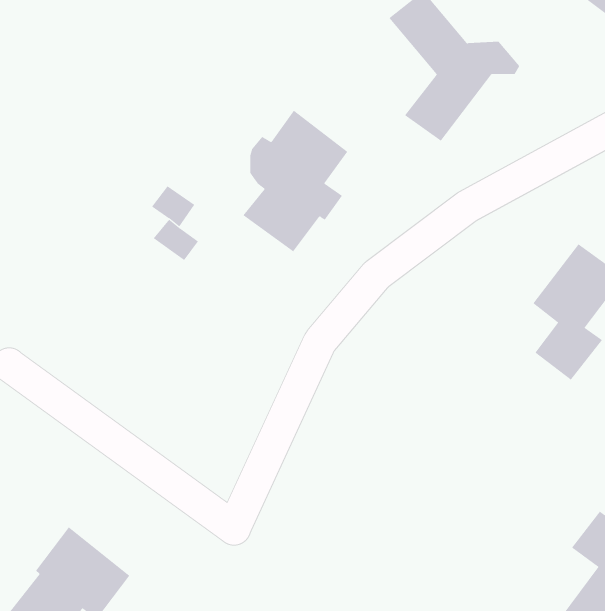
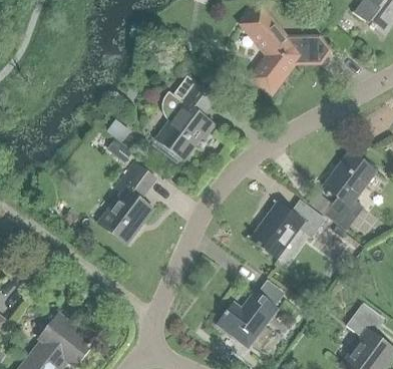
building: none -> [99,161,156,244]
building: none -> [247,199,325,258]
building: none -> [217,290,279,348]

